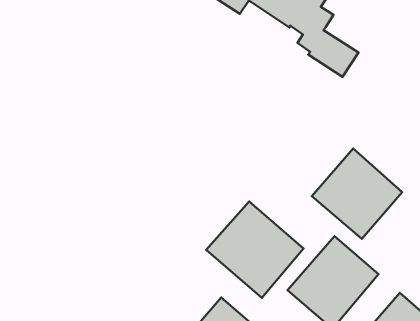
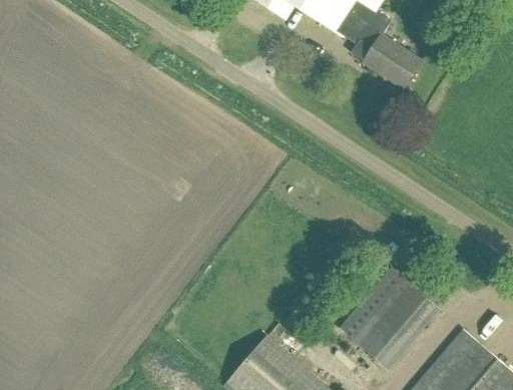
building: [312,148,402,239] -> none
building: [206,202,304,298] -> none

